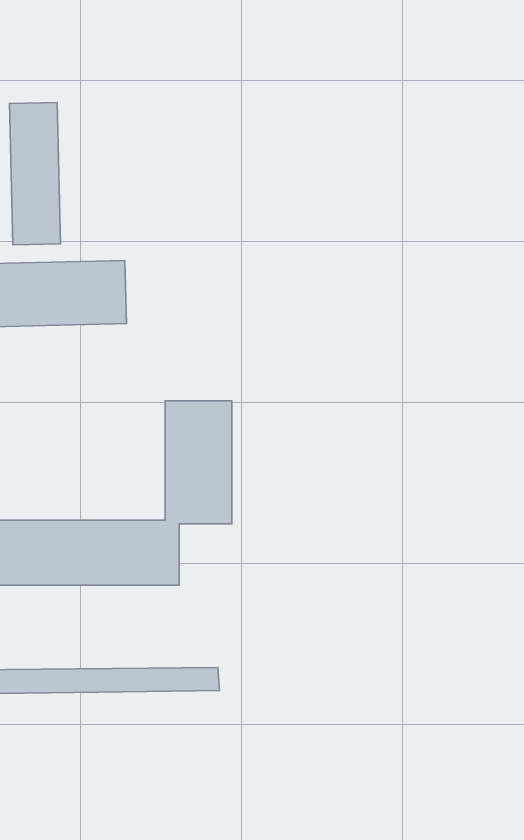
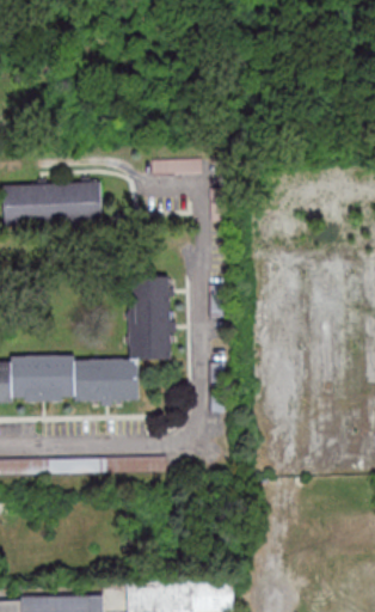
building: [9,103,60,245] -> none

